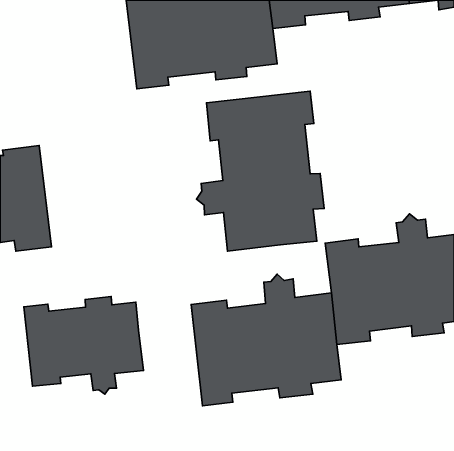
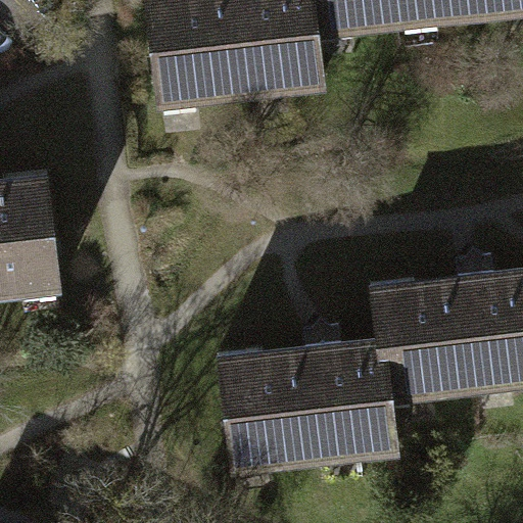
building: [196,91,324,251] -> none
building: [24,296,144,394] -> none

